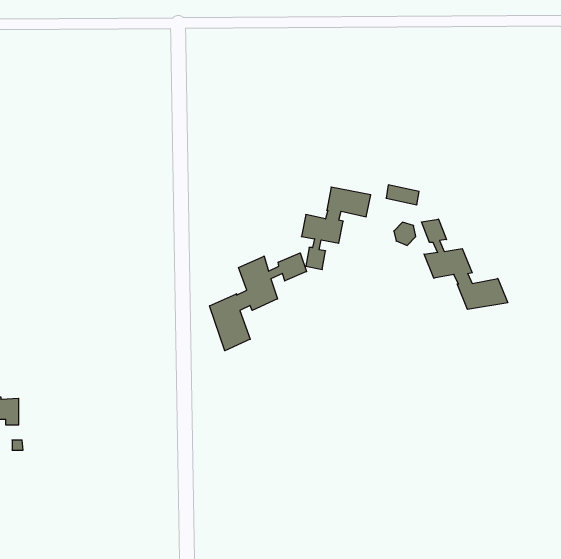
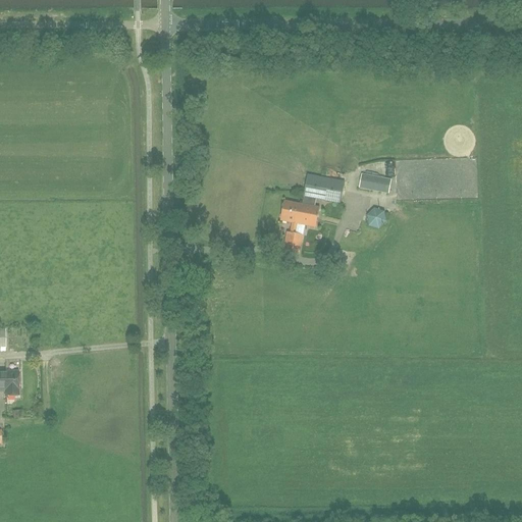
building: [422,219,508,309] -> none
building: [210,253,307,351] -> none

